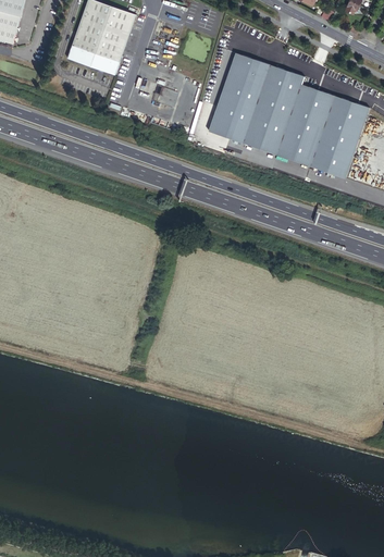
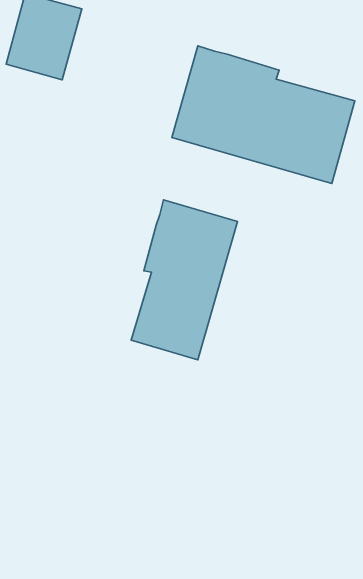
building: none -> [131,200,238,360]

